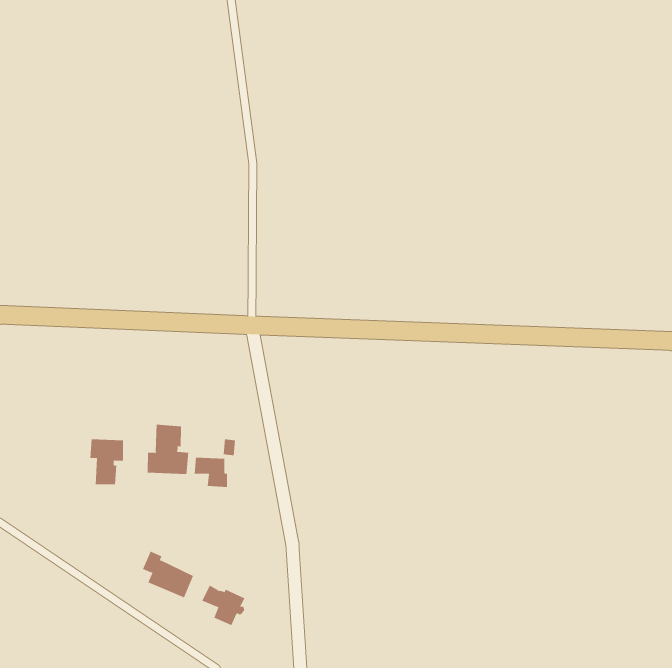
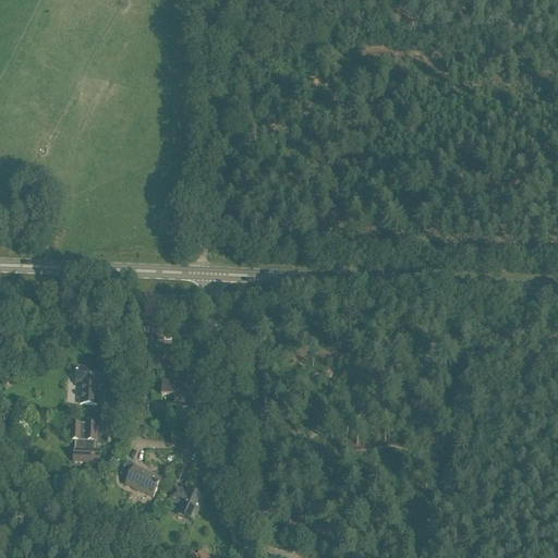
building: [147,424,189,475] -> none
building: none -> [68,421,98,459]

